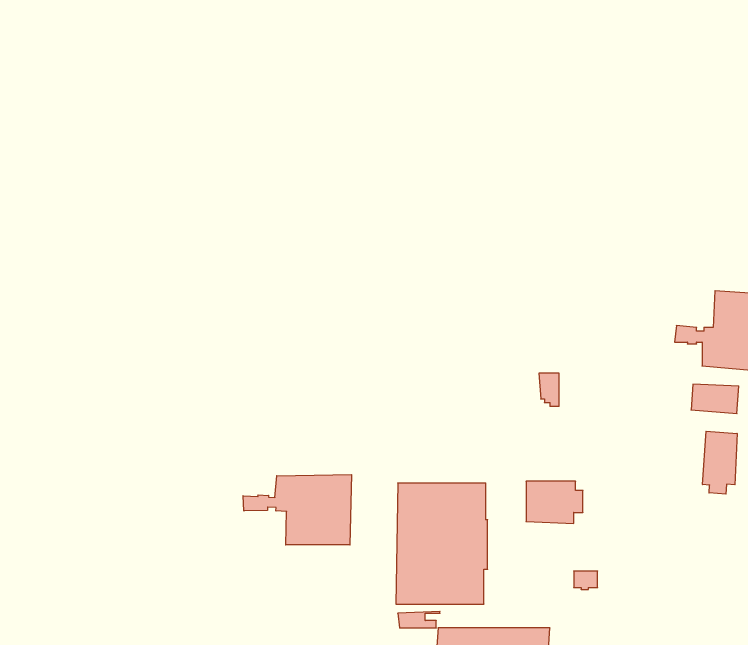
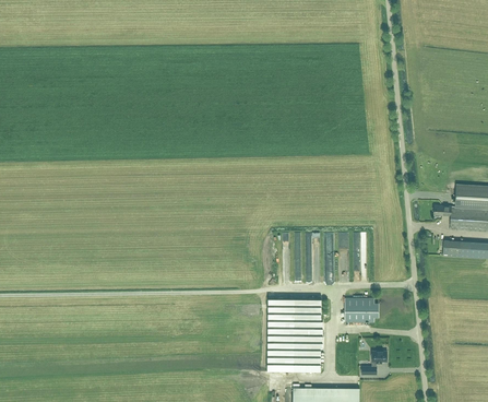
building: [703,431,737,494] -> none
building: [243,475,352,545] -> none

